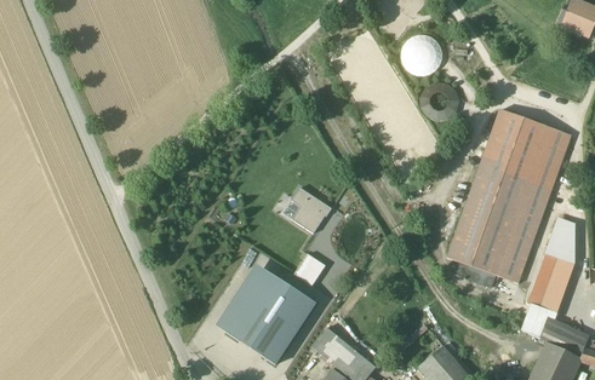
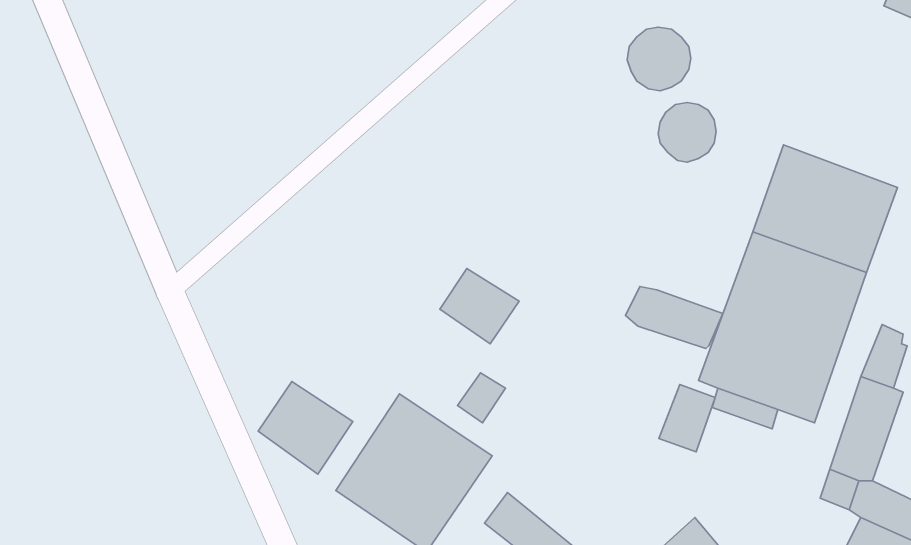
building: none -> [626,286,723,349]
building: none -> [258,382,353,474]
building: none -> [659,385,715,452]

